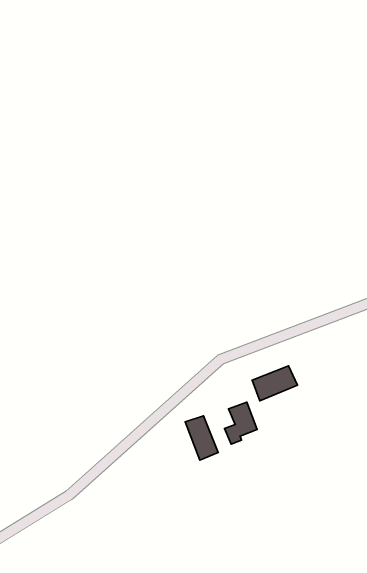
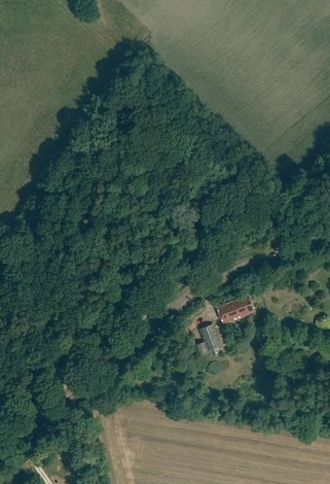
building: [185,416,218,460] -> none

